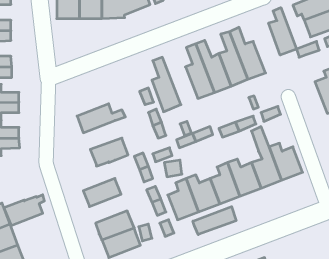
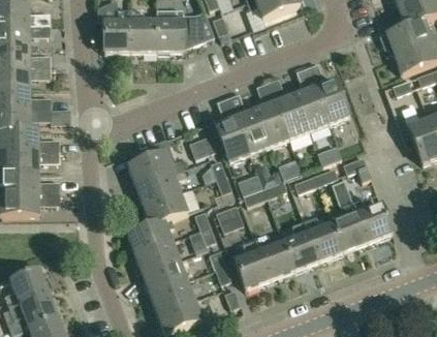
building: [269,8,296,55] -> none
building: none -> [228,94,270,154]
building: none -> [135,168,188,207]
building: none -> [143,259,187,294]
building: [4,195,44,226] -> [127,219,175,255]
building: [193,207,236,235] -> none

